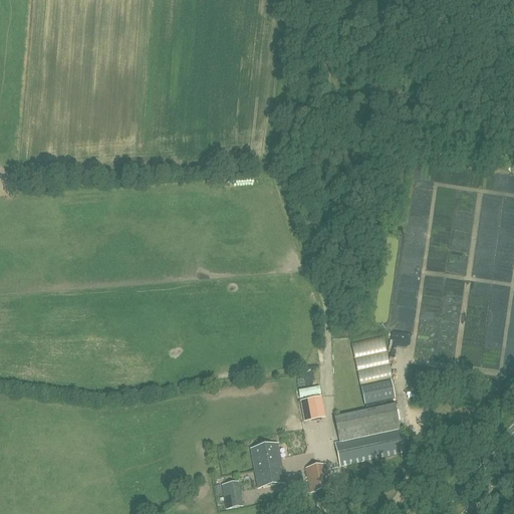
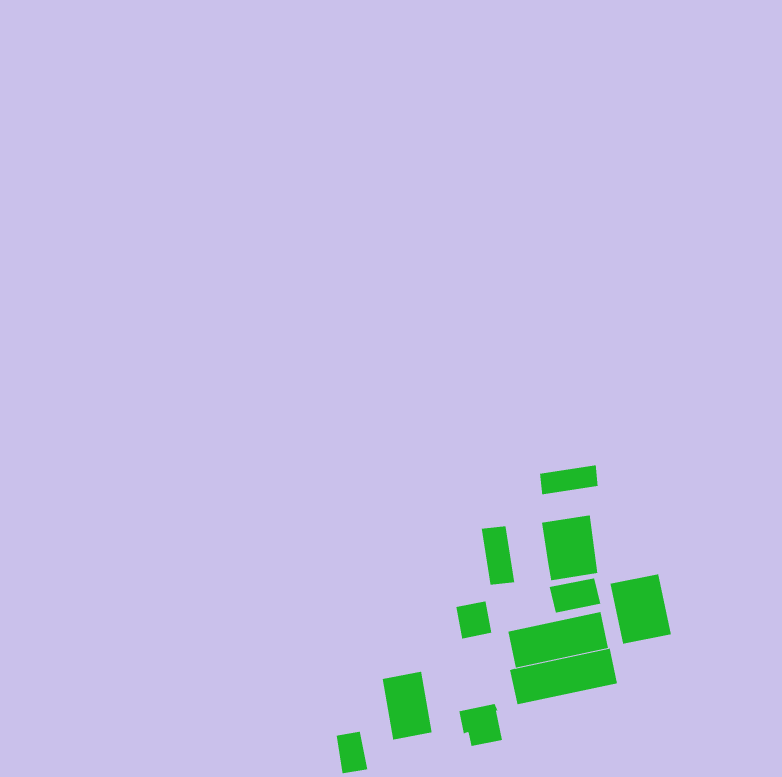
building: none -> [540,464,598,495]
building: none -> [481,526,515,585]
building: none -> [610,574,671,644]

